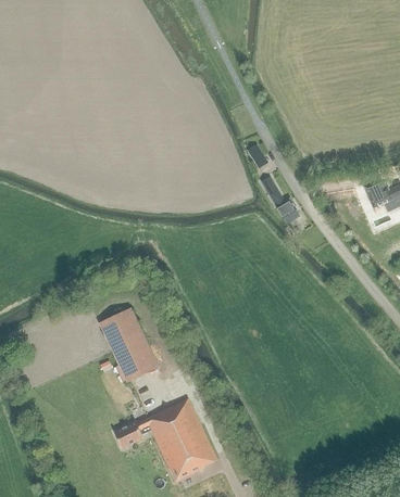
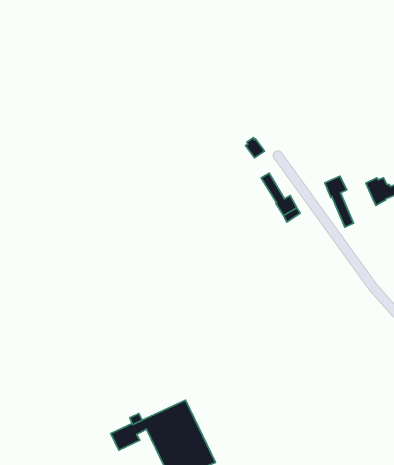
building: none -> [325,176,353,227]
building: [101,309,164,382] -> none

